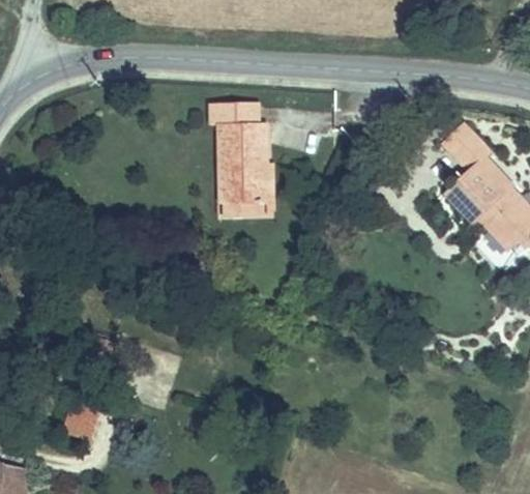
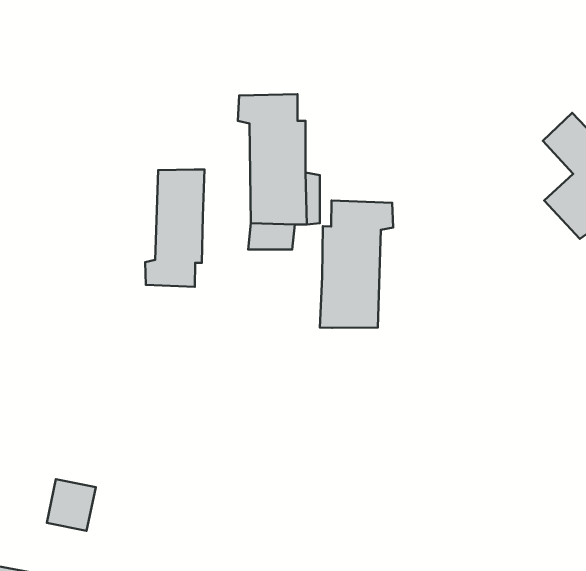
building: none -> [145,169,205,287]
building: none -> [320,200,393,328]

